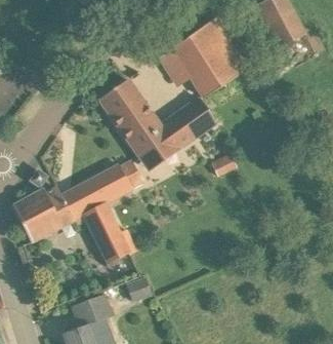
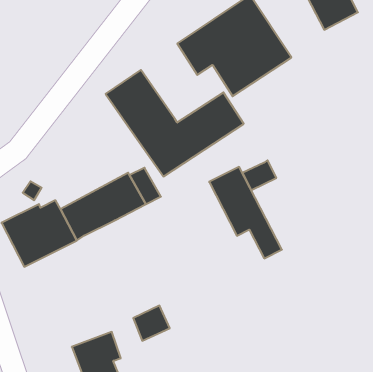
building: [81,202,140,277] -> [209,167,282,258]

